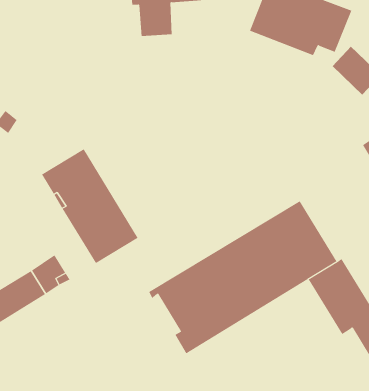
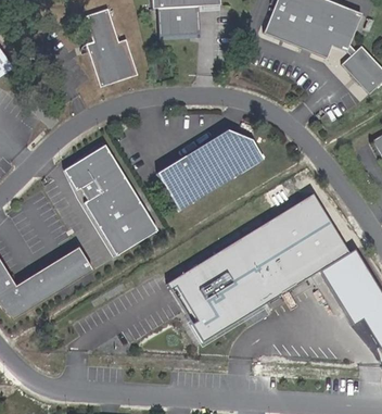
building: none -> [84,9,136,87]
building: none -> [157,130,264,210]

